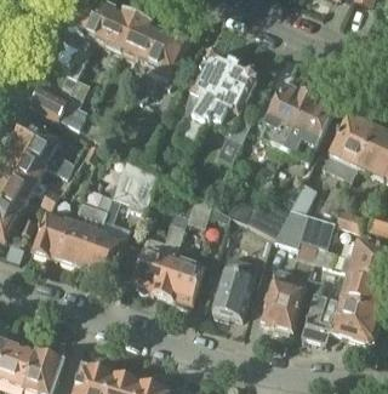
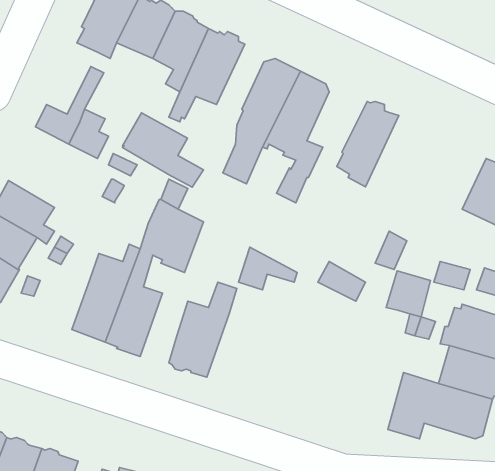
building: [284,95,333,160] -> none
building: [326,113,376,166] -> none
building: [11,118,73,175] -> [122,113,203,187]
building: [274,207,308,247] -> none
building: [32,211,73,258] -> none
building: [162,246,204,306] -> none
building: [211,255,257,318] -> none
building: [261,268,304,333] -> none

